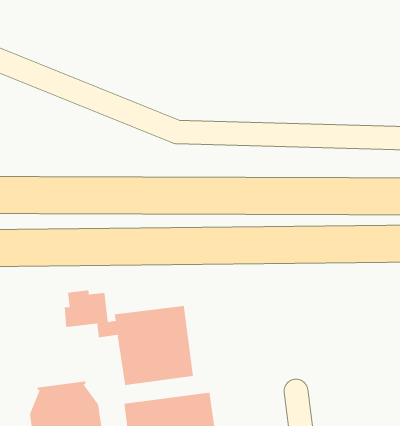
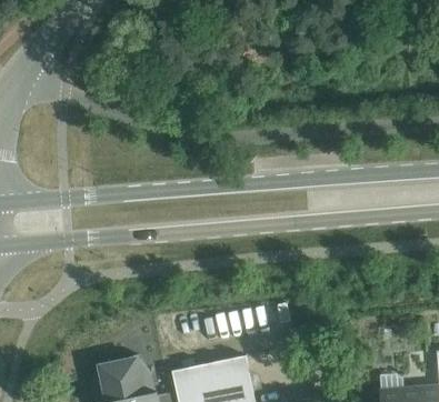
building: [64,290,193,386] -> none

